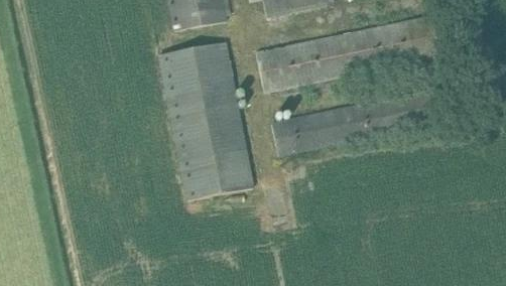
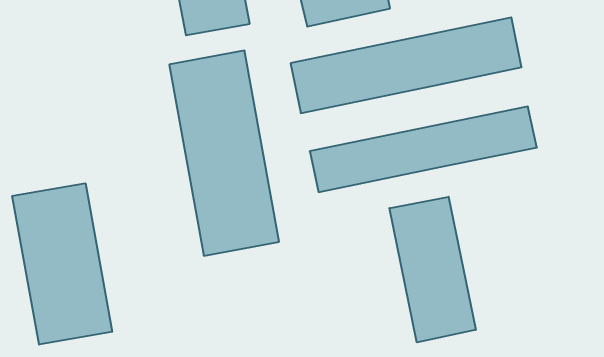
building: none -> [12,183,112,345]
building: none -> [389,197,476,342]

